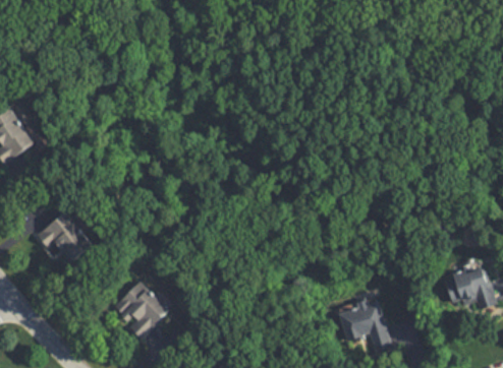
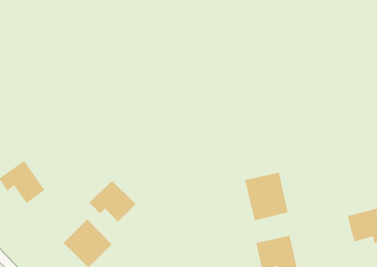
building: none -> [244,172,288,221]
building: none -> [89,180,136,222]

